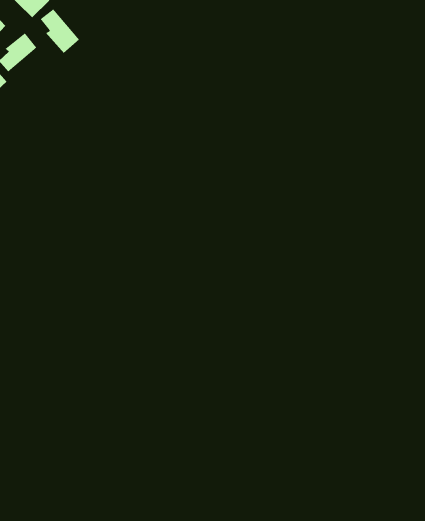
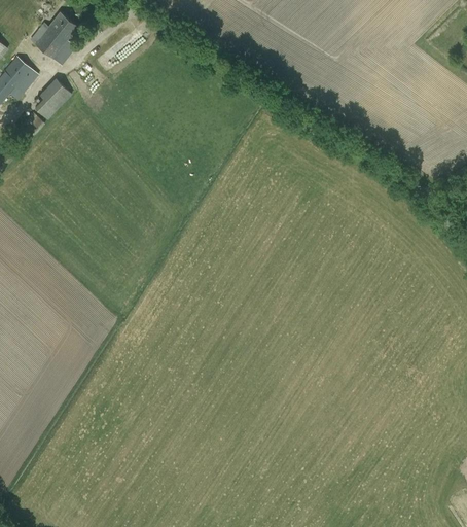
building: [40,8,80,54] -> none

